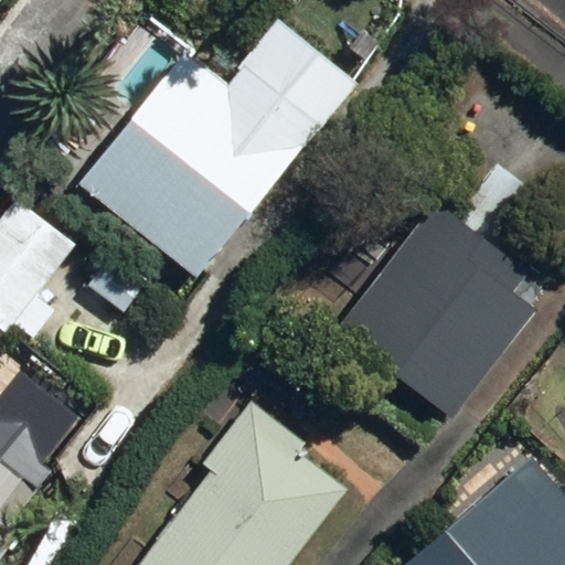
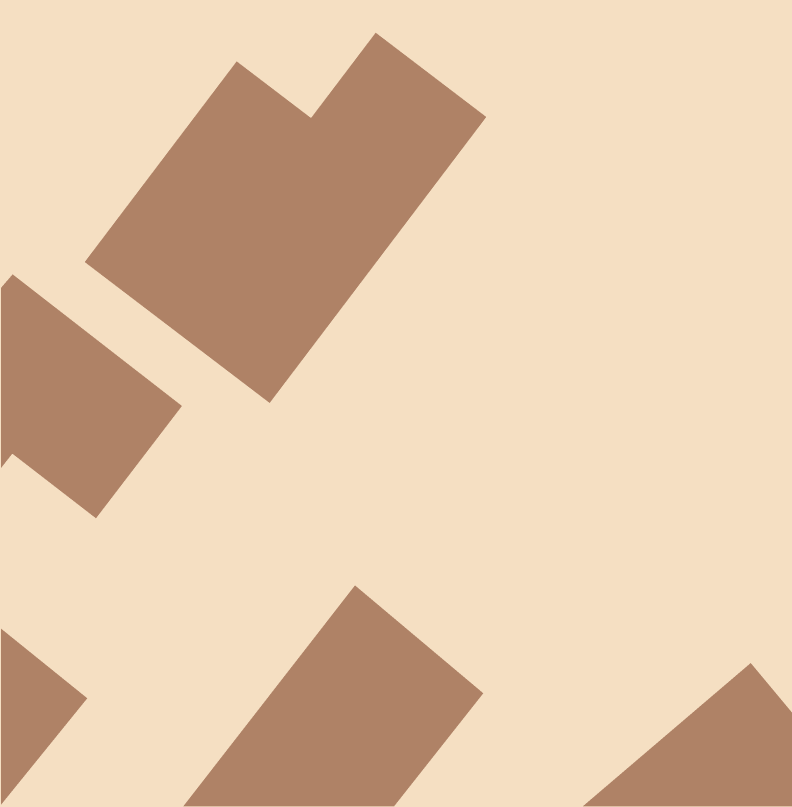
building: [332,204,546,420] -> none

